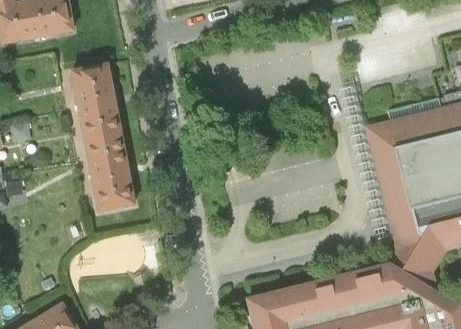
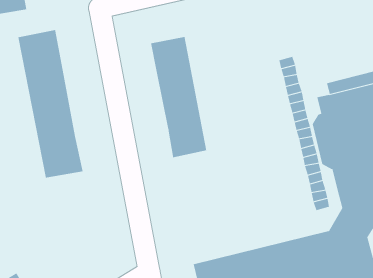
building: none -> [150,36,207,158]

